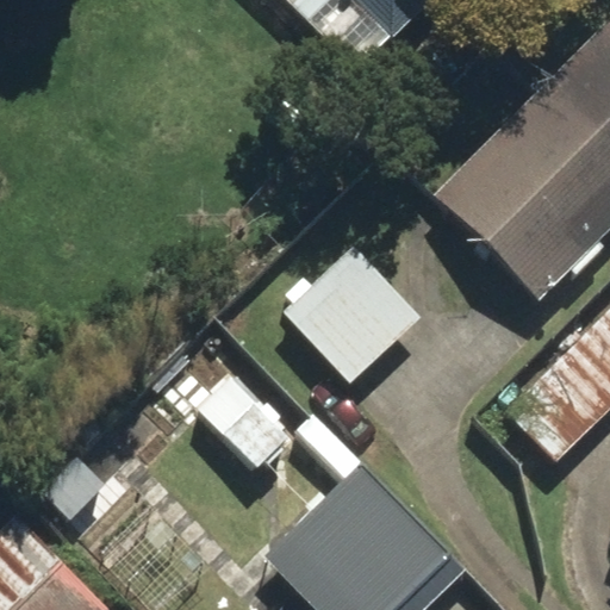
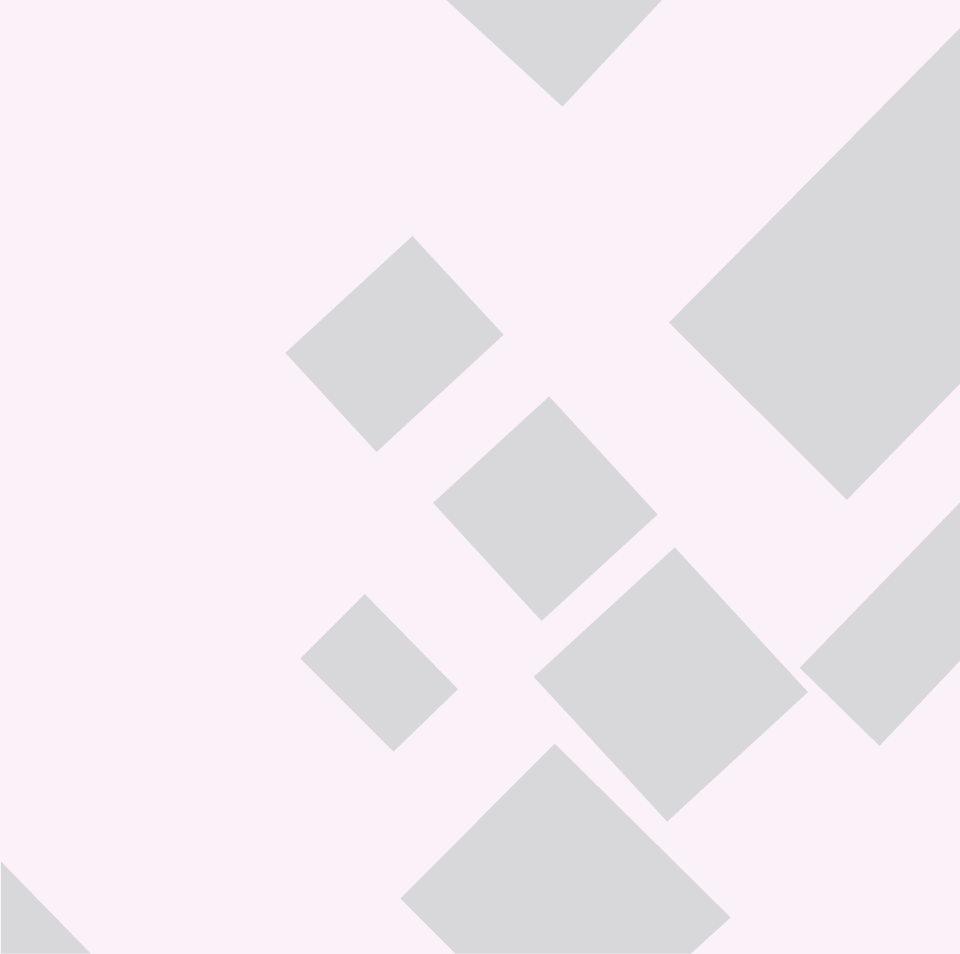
building: none -> [284,235,504,453]
building: none -> [533,546,809,822]

